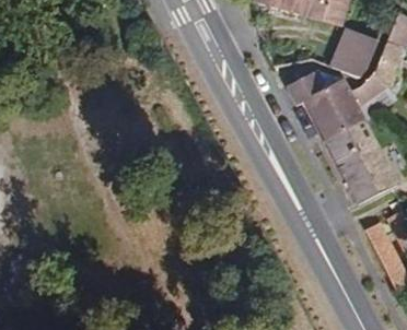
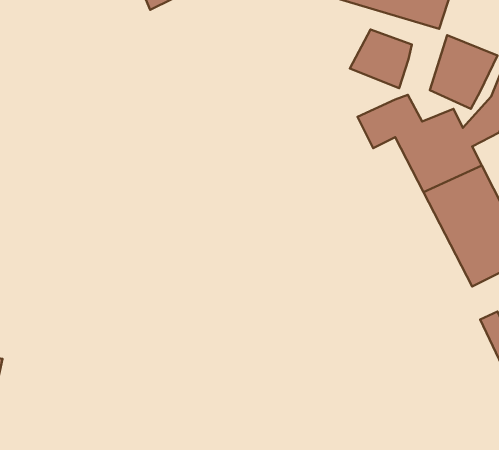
building: none -> [350,29,412,88]

